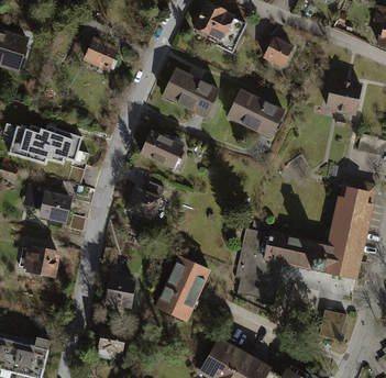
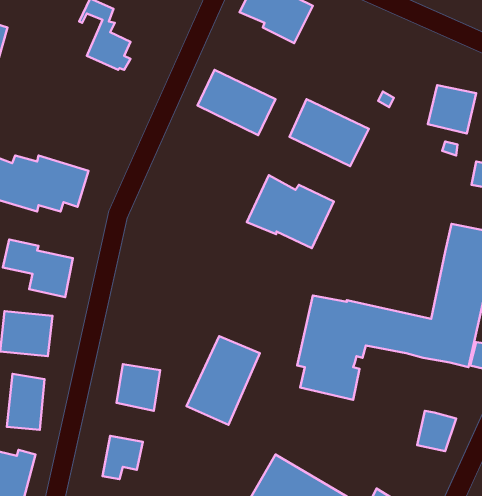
building: [264,36,291,65] -> none
building: [140,131,181,167] -> none
building: none -> [247,175,334,248]
building: [126,182,163,219] -> none
building: none -> [7,374,45,430]

